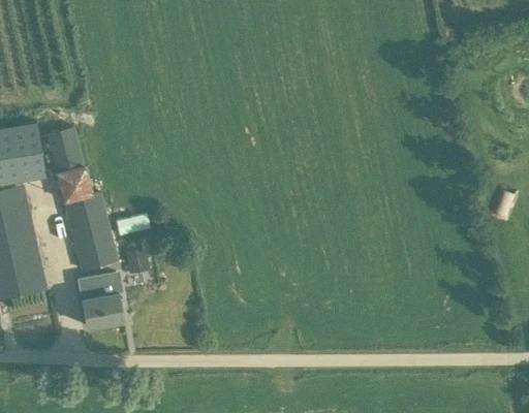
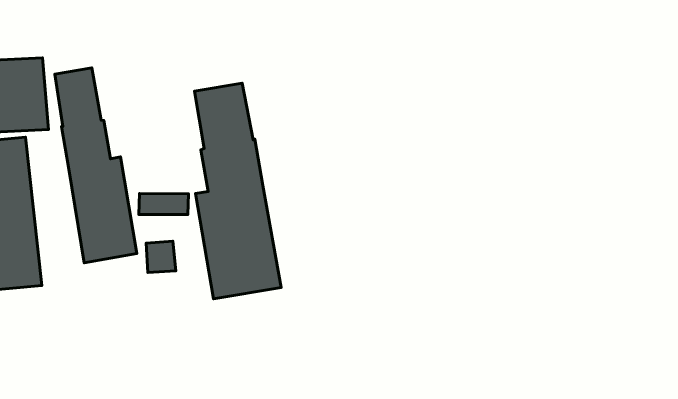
building: none -> [195,83,281,299]
building: [76,273,122,327] -> none

